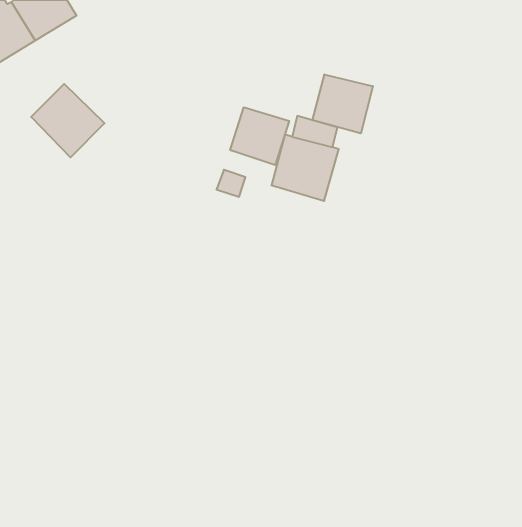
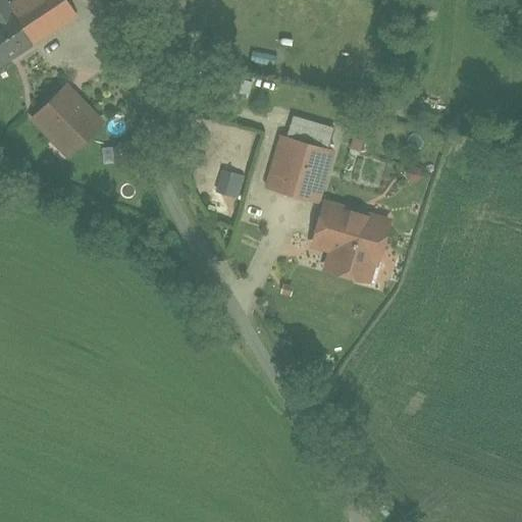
building: [313,74,373,133] -> none
building: [230,107,289,165] -> none
building: none -> [310,201,396,286]

